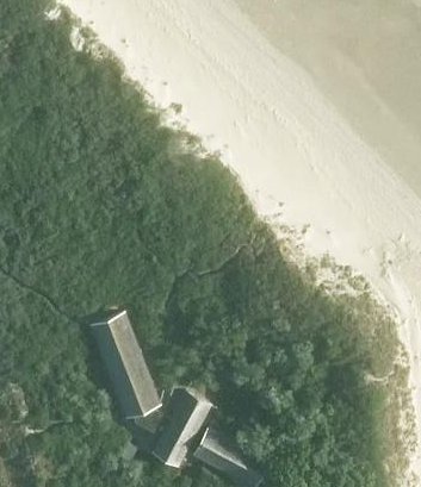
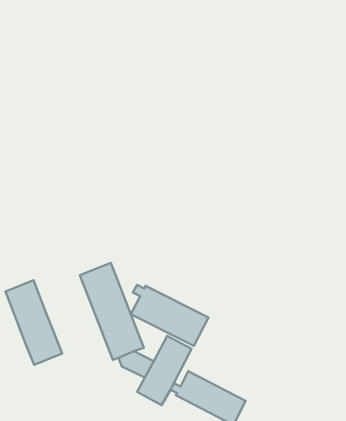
building: none -> [6,280,62,365]
building: none -> [131,285,209,346]

